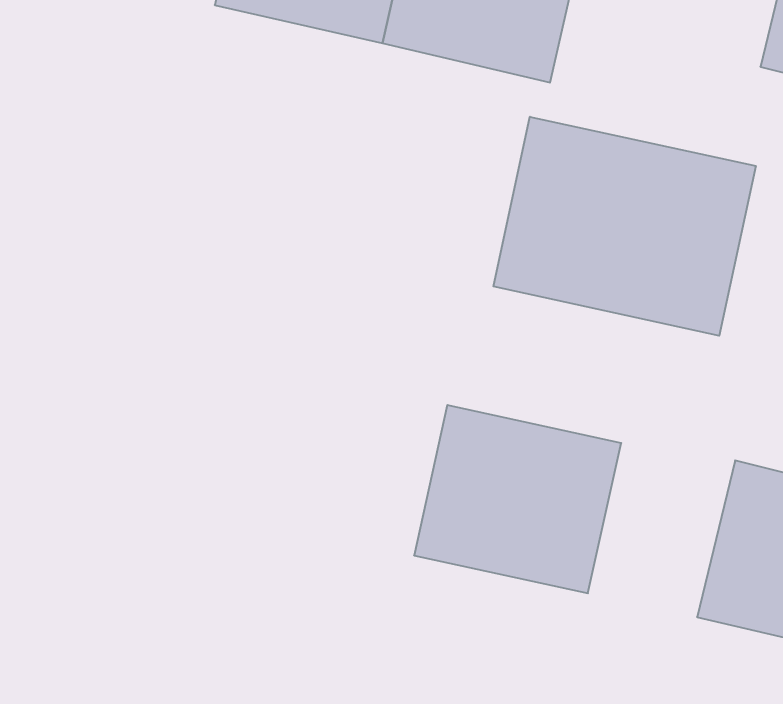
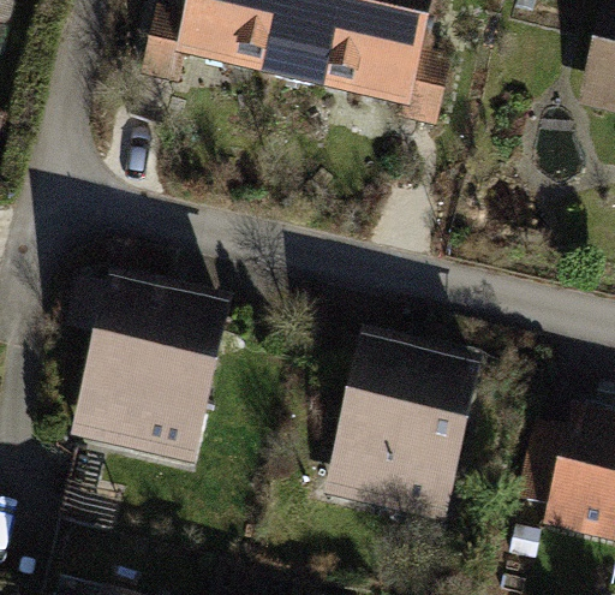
building: [493,117,756,336] -> none
building: none -> [74,298,225,440]

